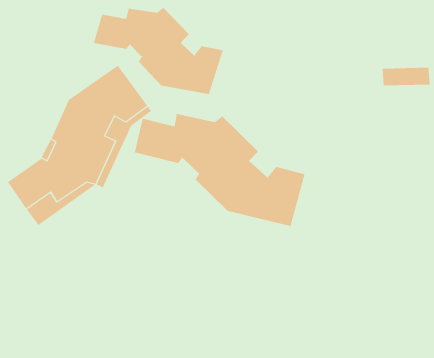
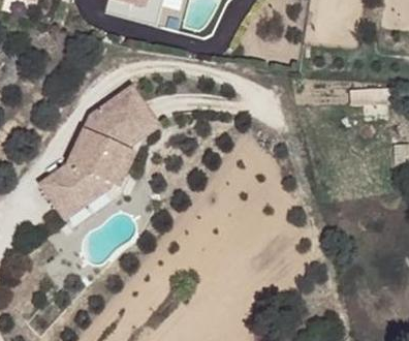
building: [93,7,223,95] -> none
building: [134,113,305,227] -> none

